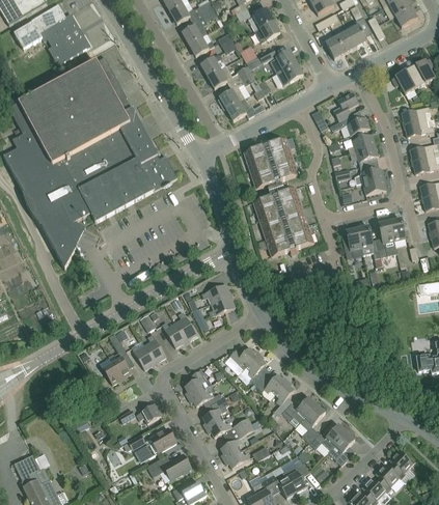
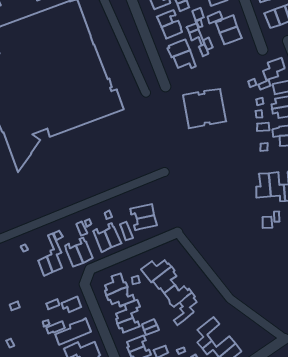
building: [253,187,314,255] -> none
building: [282,395,317,425] -> none

